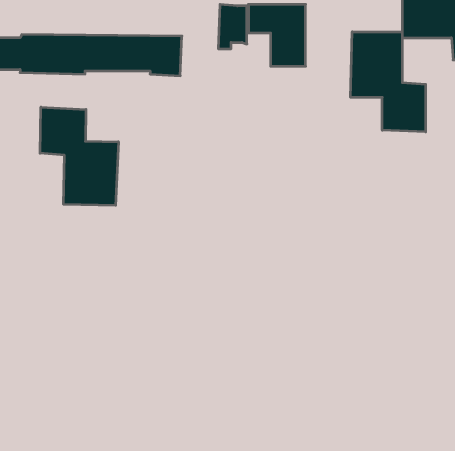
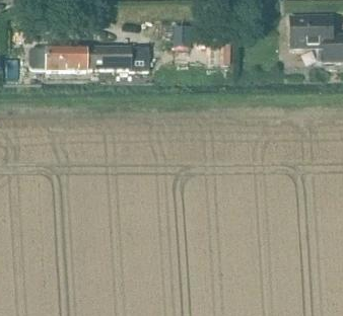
building: [351,32,426,132] -> none
building: [40,107,118,205] -> none

